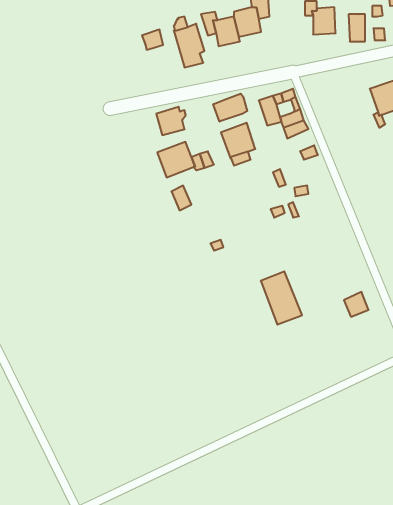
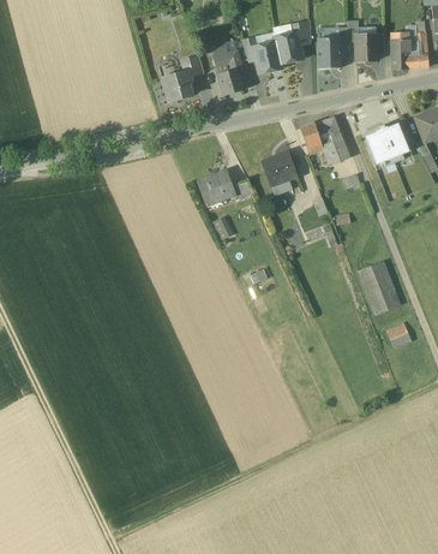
building: none -> [318,37,341,67]
building: [213,94,247,122] -> none
building: none -> [364,121,410,166]
building: [156,107,186,135] -> [162,71,192,100]
building: [261,271,302,325] -> [359,260,401,314]

